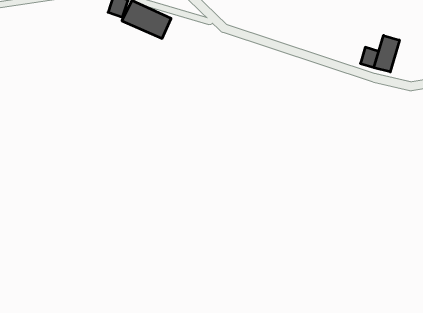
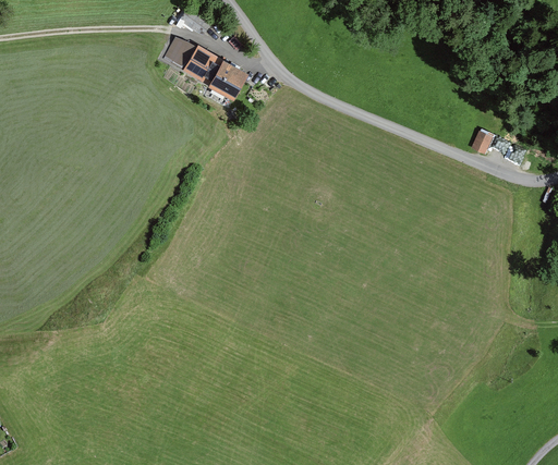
building: [374,35,399,72] -> none

